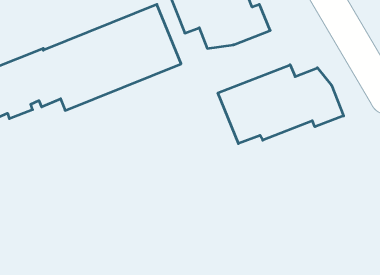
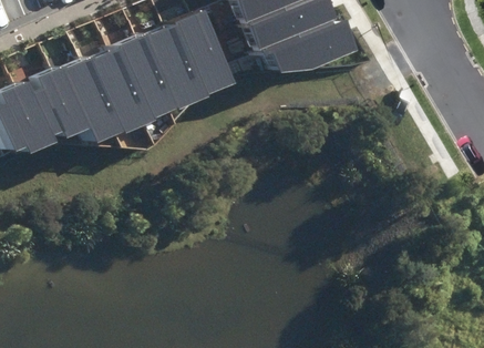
building: [218,65,344,144] -> none

